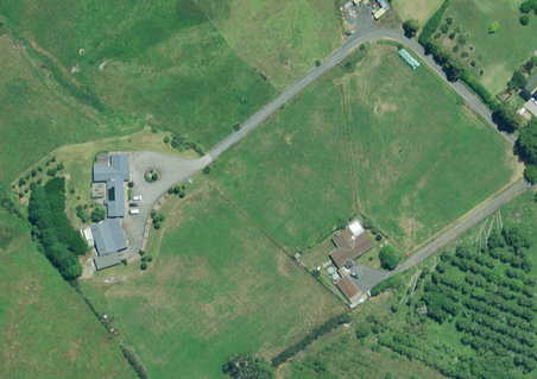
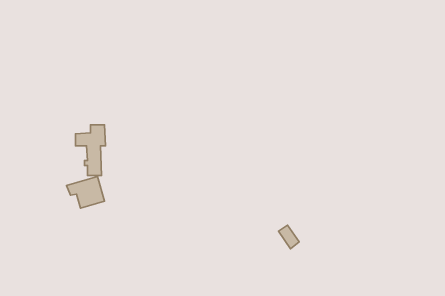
building: [330,222,372,267] -> none

